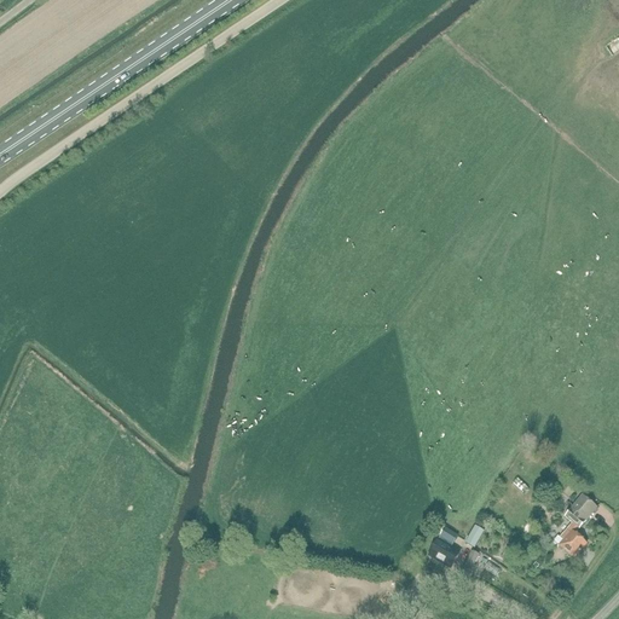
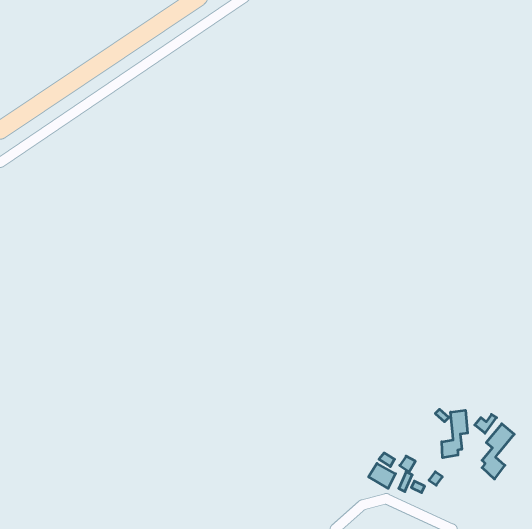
building: none -> [442,410,468,458]

